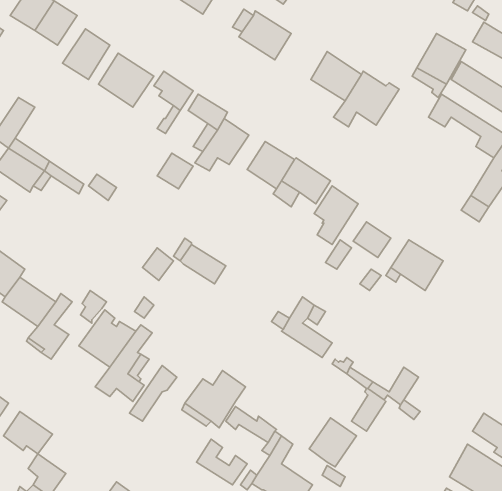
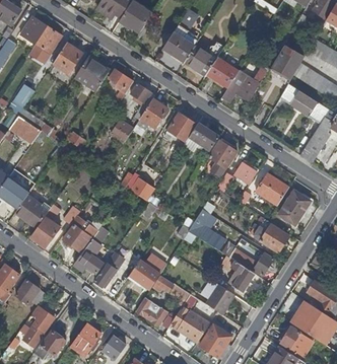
building: none -> [184,41,223,75]
building: none -> [279,191,310,224]
building: none -> [259,224,288,252]

